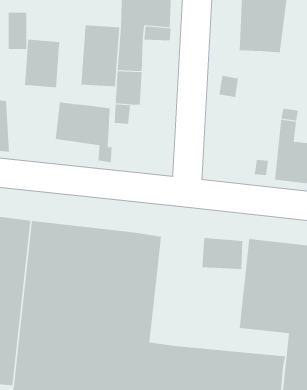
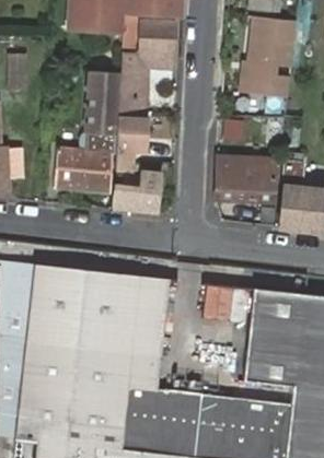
building: [24,39,60,88] -> none
building: none -> [217,154,277,198]
building: none -> [118,172,159,212]

